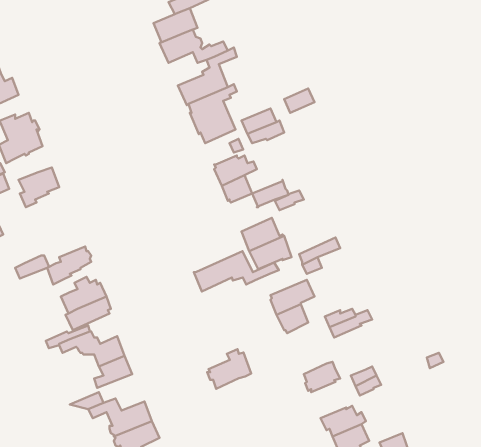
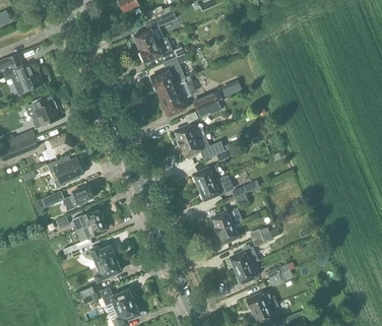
building: none -> [40,154,83,183]
building: [194,251,279,291] -> none
building: [207,349,251,389] -> [229,244,258,270]

